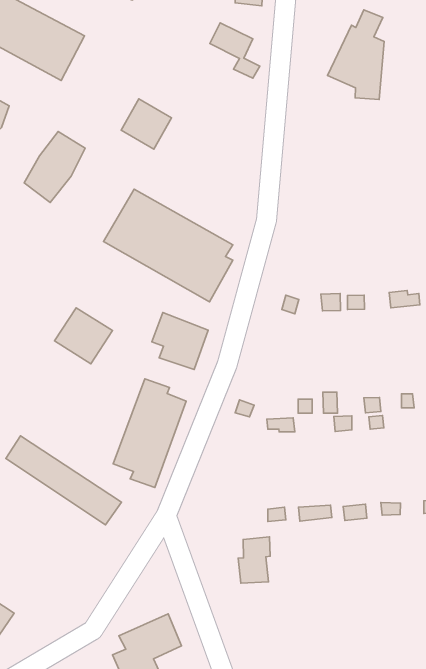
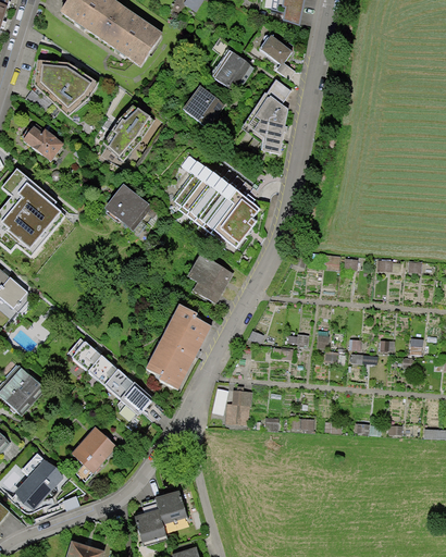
building: [327,10,384,99] -> [243,83,290,153]
building: none -> [211,51,247,89]
building: [55,308,112,364] -> [103,182,149,226]
building: [238,537,270,583] -> [226,391,252,425]
building: none -> [71,428,115,473]

